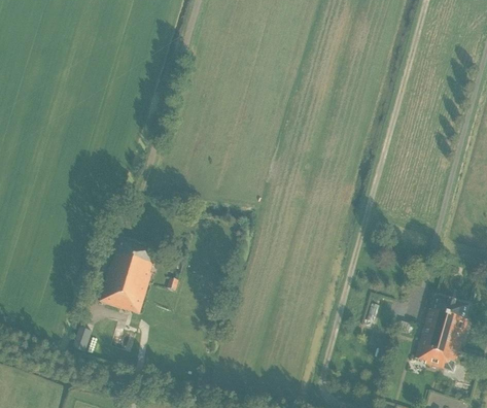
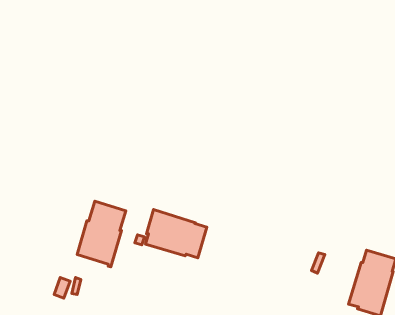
building: none -> [145,210,207,258]

